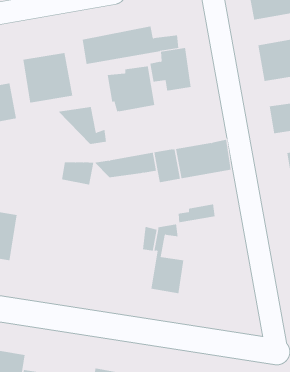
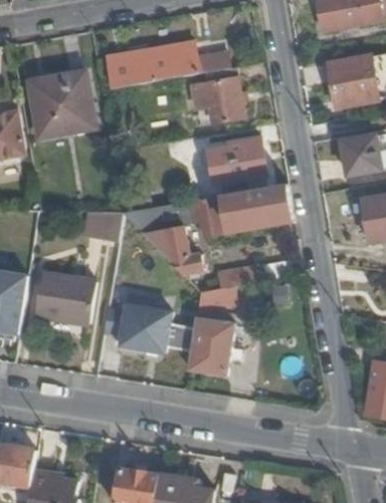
building: [107,66,155,112] -> [207,137,267,194]
building: [58,107,107,144] -> [140,224,201,271]
building: none -> [32,270,95,322]
building: none -> [114,303,169,351]

